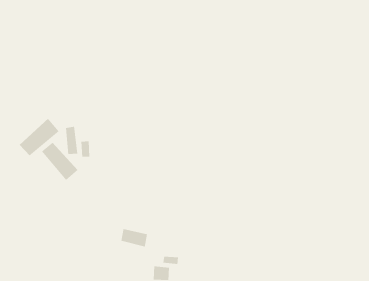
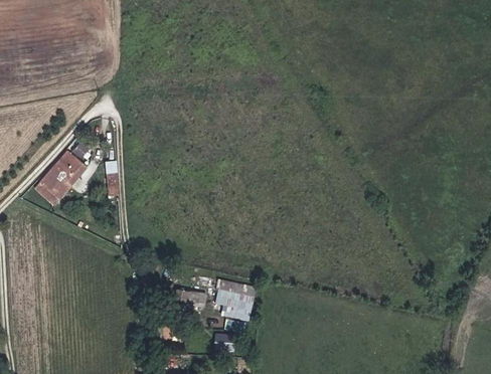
building: [41,142,78,181] -> none
building: none -> [212,278,254,321]

